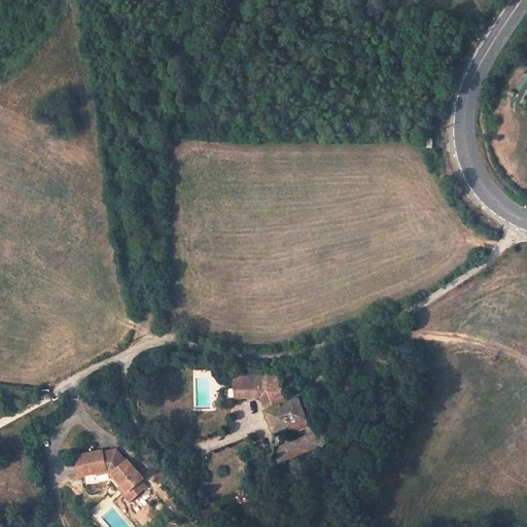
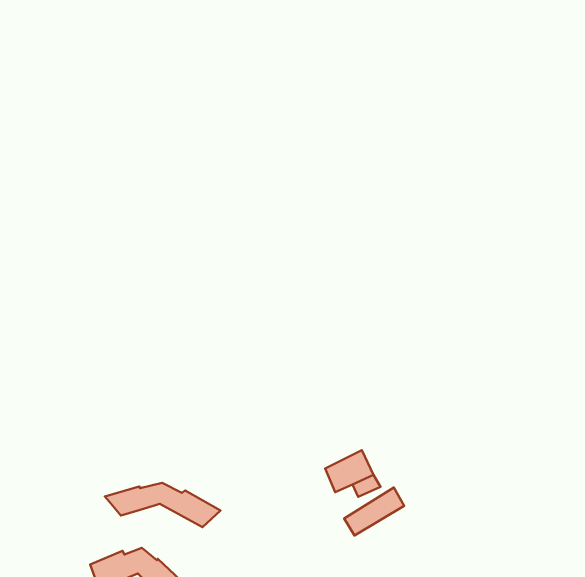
building: [231,374,285,408] -> none
building: none -> [105,483,221,527]

